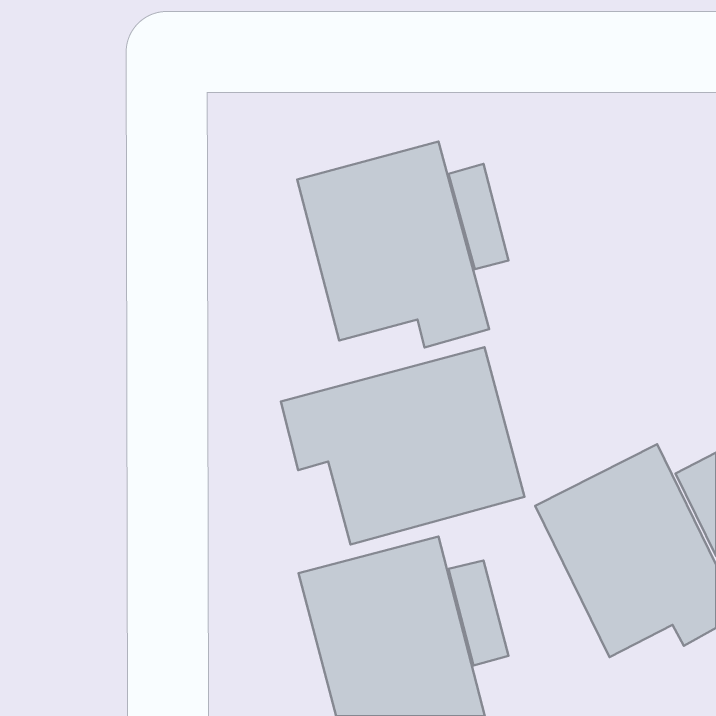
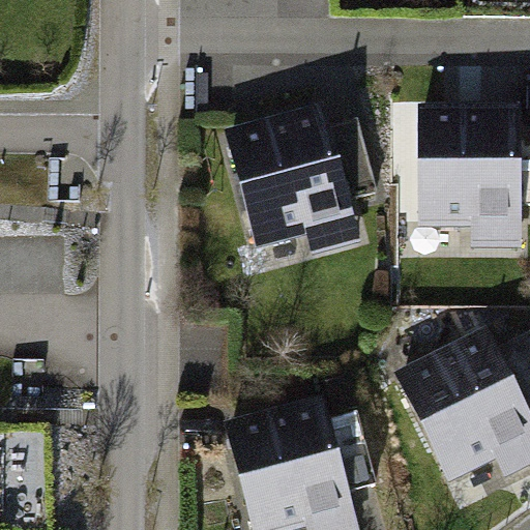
building: none -> [416,107,523,248]
building: [281,347,524,544] -> none

